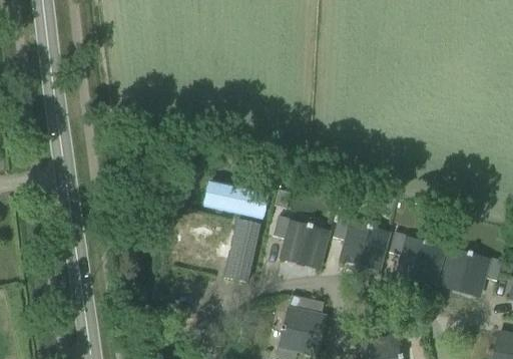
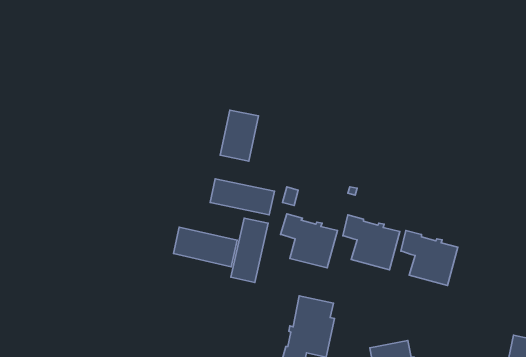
building: none -> [220,110,258,161]
building: none -> [173,227,237,267]
building: [441,250,502,296] -> none

